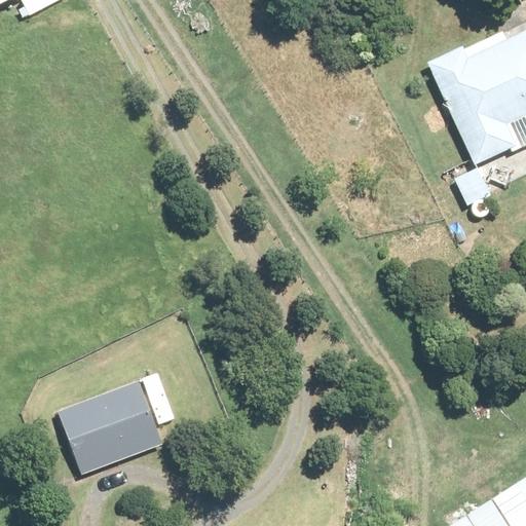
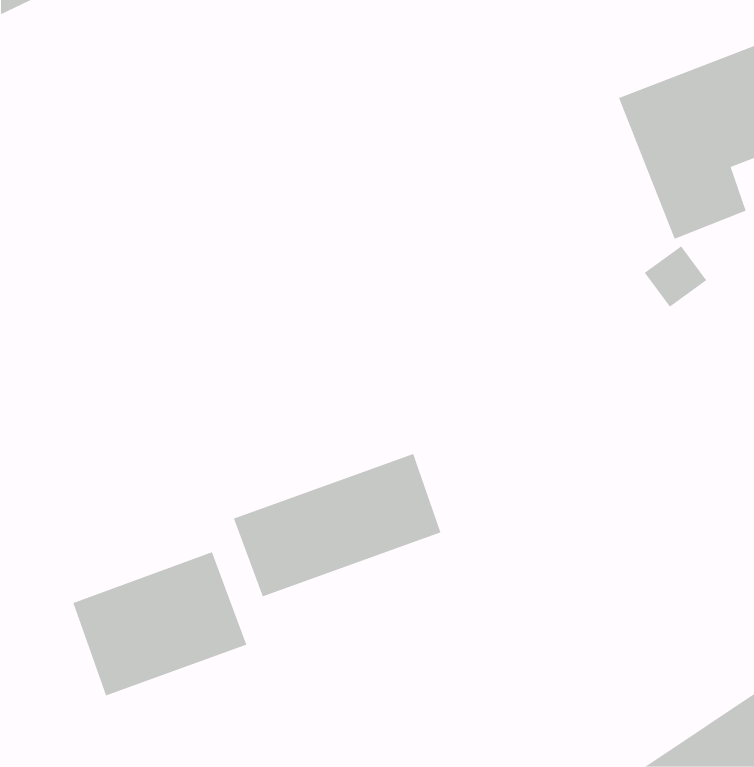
building: none -> [233,453,441,597]

